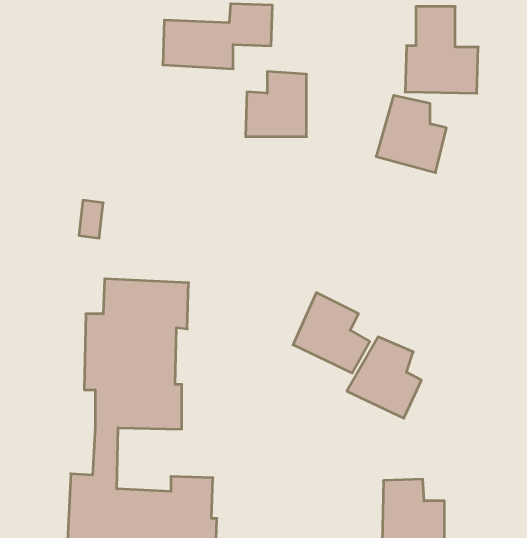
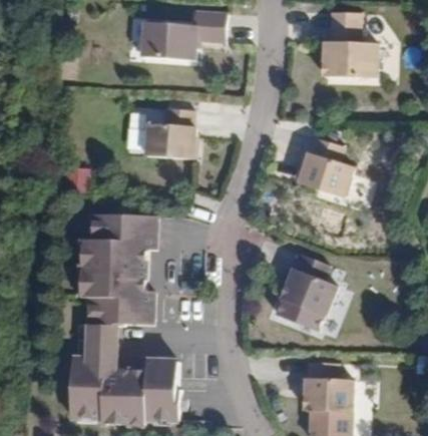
building: [246,72,307,137] -> [145,108,190,156]
building: [376,95,446,173] -> [298,136,350,193]
building: [293,293,370,373] -> none

